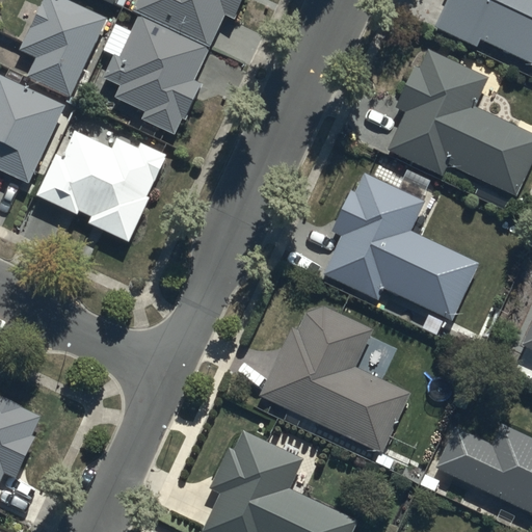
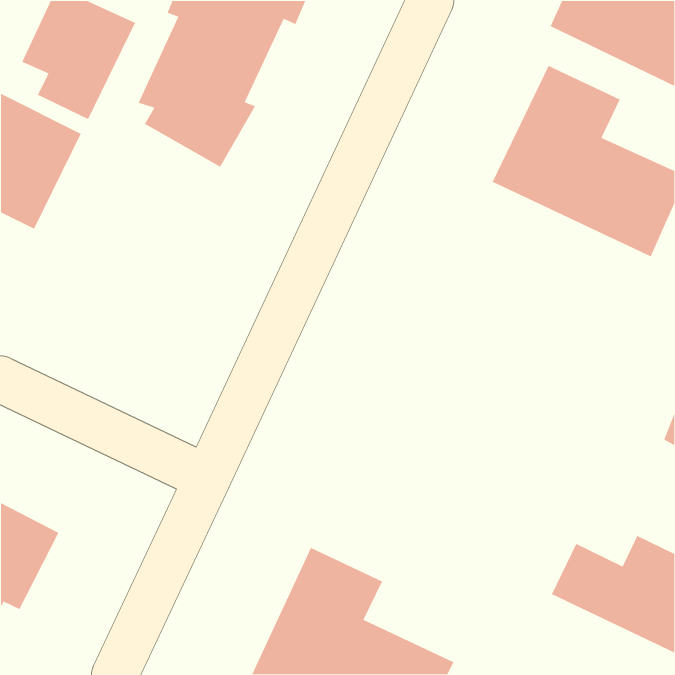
building: [35,126,168,240] -> none
building: [321,174,477,319] -> none
building: [260,300,408,454] -> none

